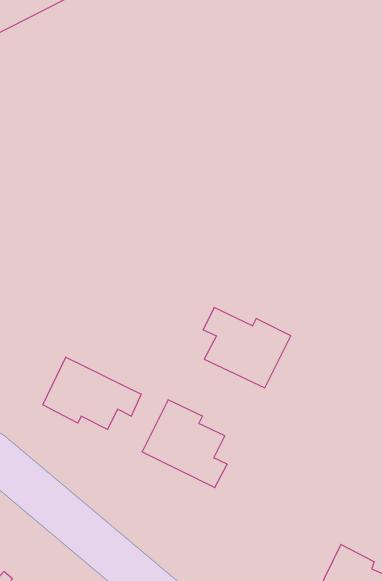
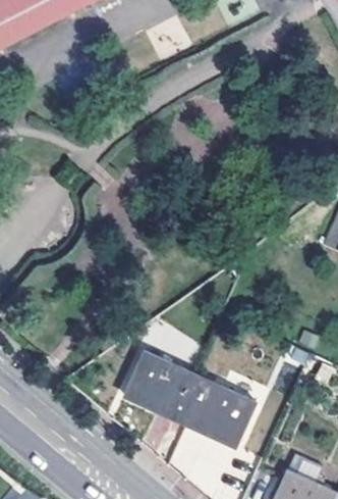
building: [203,307,291,388] -> [184,378,257,444]
building: [43,357,141,430] -> none

